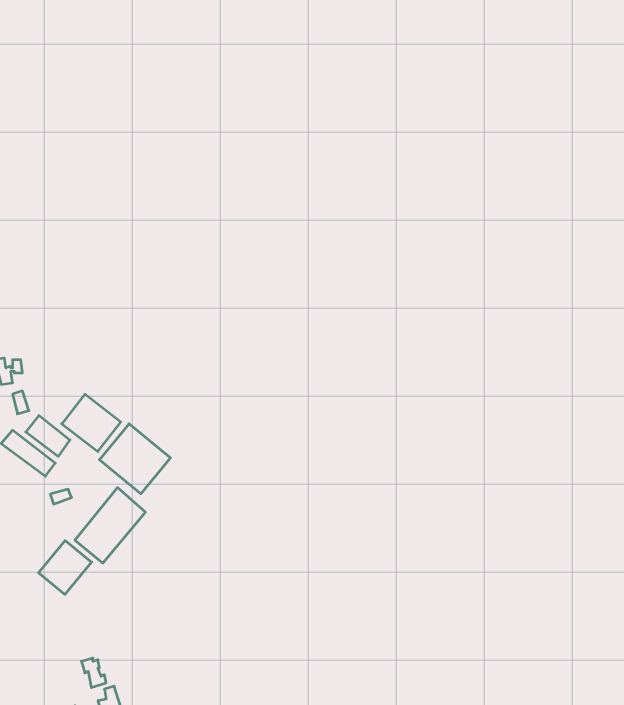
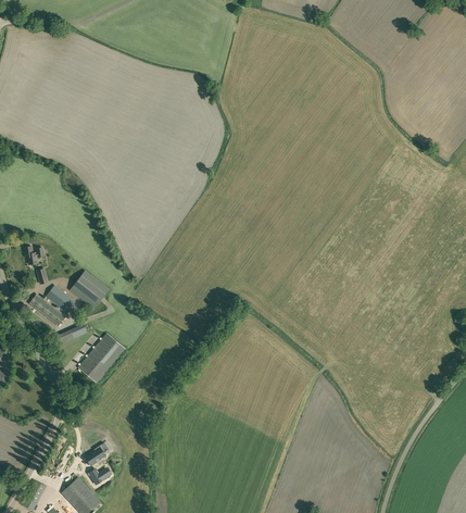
building: [99,424,170,494] -> none
building: [39,541,92,594] -> none

